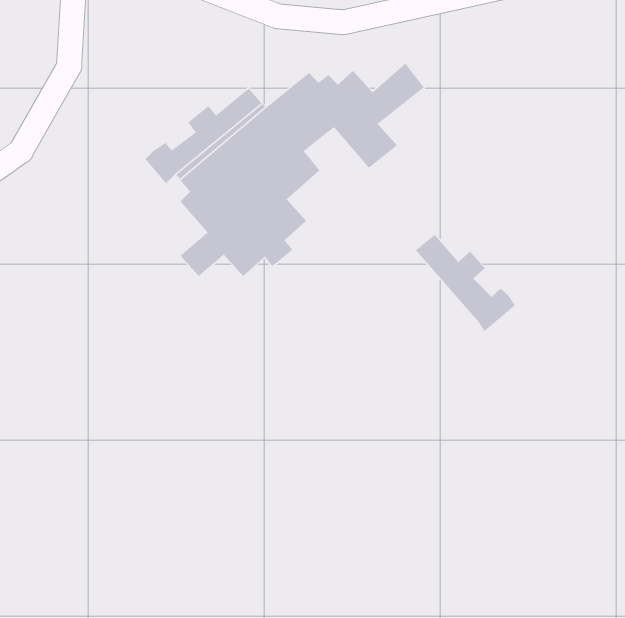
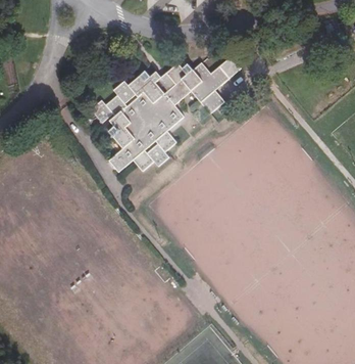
building: [415,234,516,332] -> none

